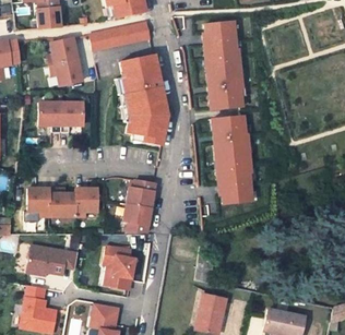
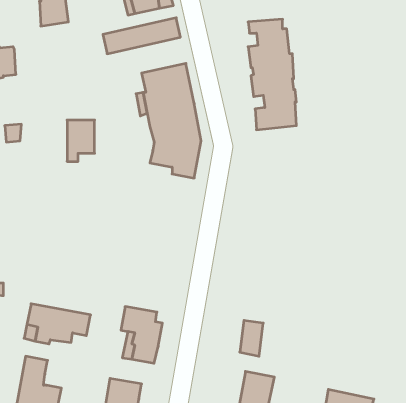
building: [49,36,83,84] -> none
building: [39,100,61,133] -> none
building: [212,115,254,202] -> none
building: [126,182,156,235] -> none
building: [27,190,97,219] -> none

